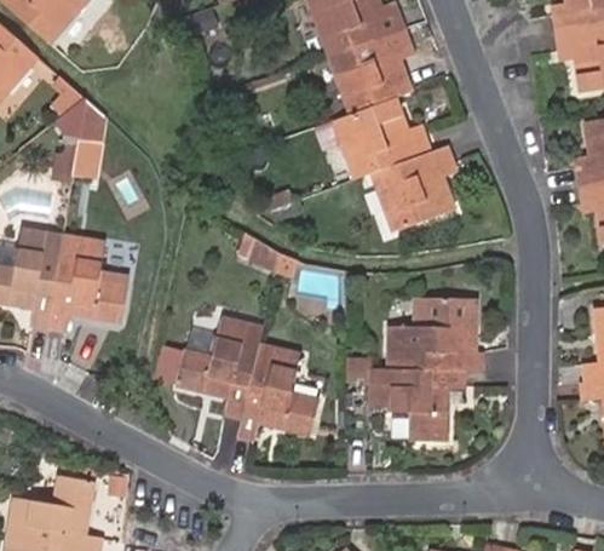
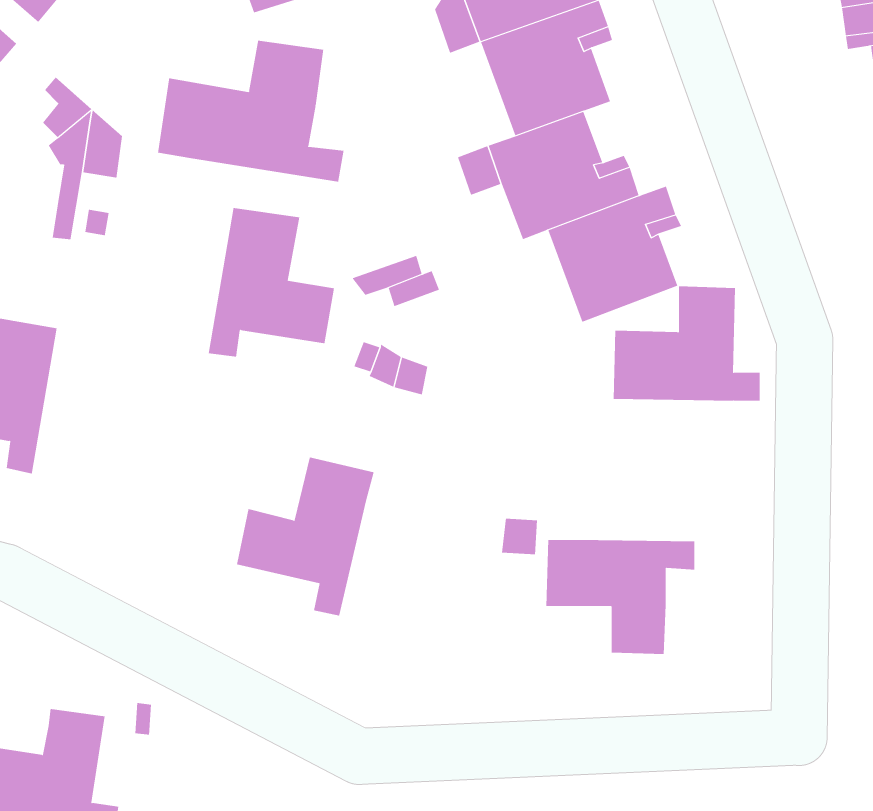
building: none -> [158,40,344,183]
building: [47,236,127,331] -> [208,207,335,357]
building: [389,298,482,371] -> [613,286,761,401]
building: [237,345,318,440] -> none

